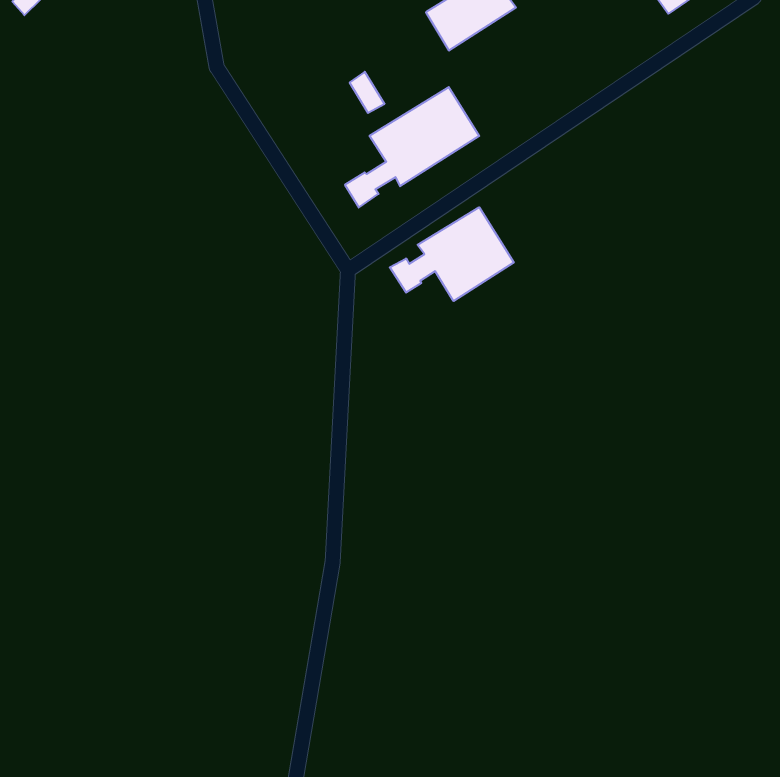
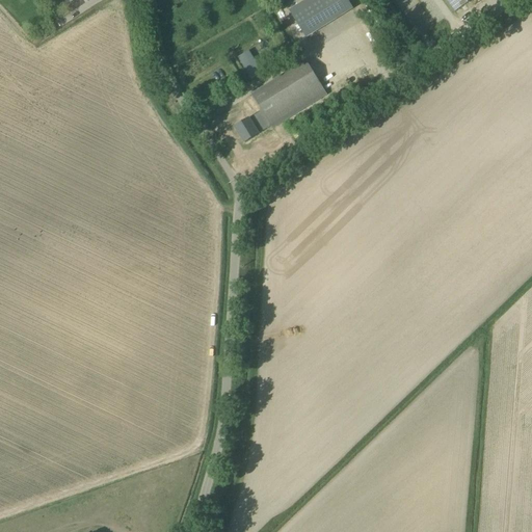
building: [390,207,514,301] -> none

